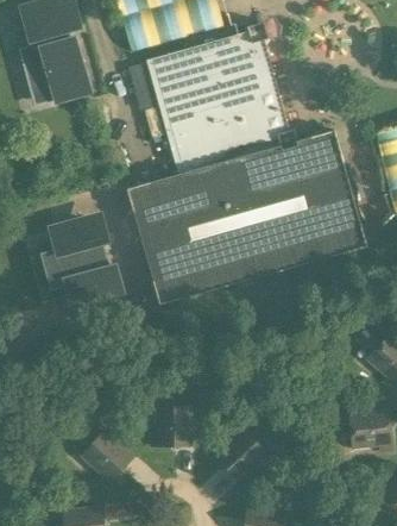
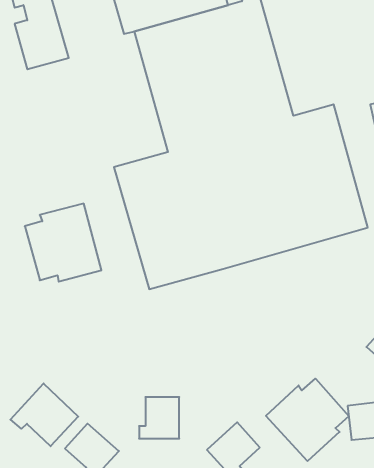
building: none -> [266,379,349,461]
building: none -> [10,383,78,446]

